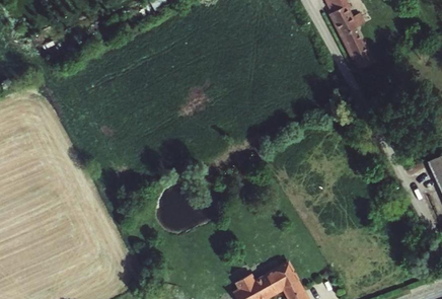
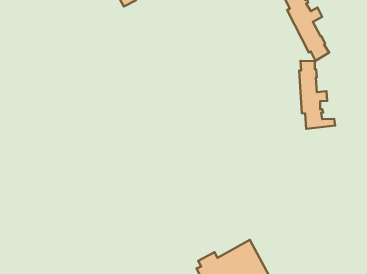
building: none -> [299,61,335,129]

